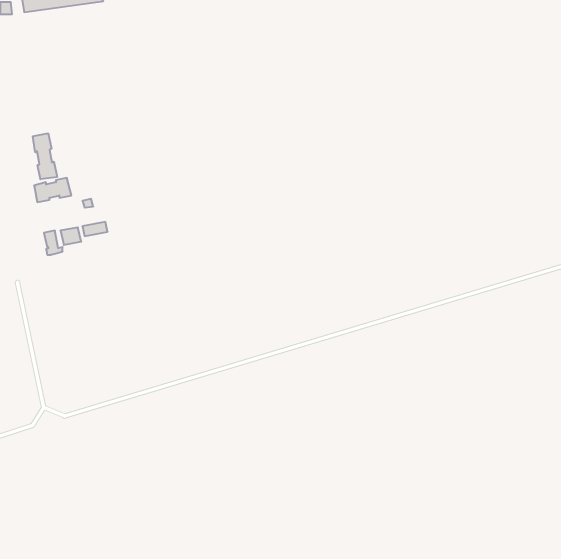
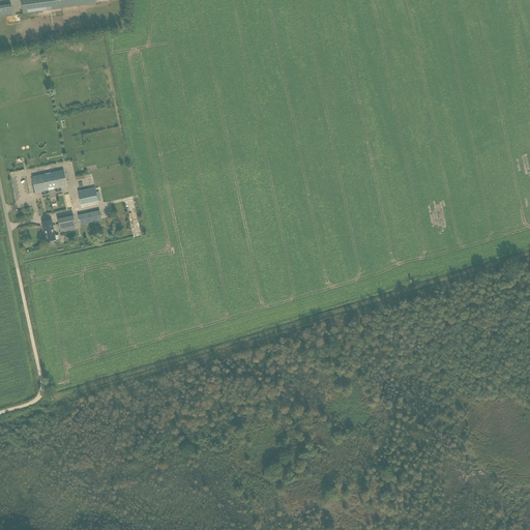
building: [33,133,57,179] -> none

